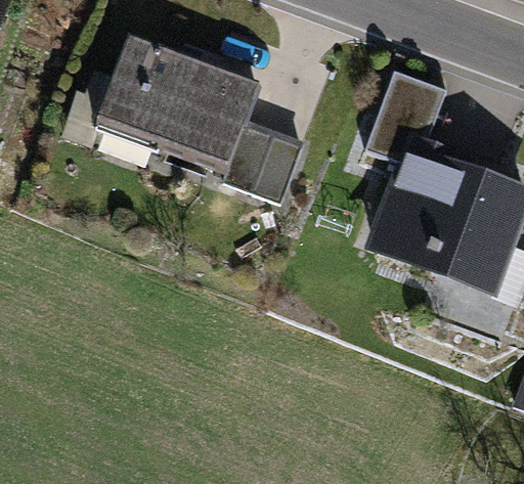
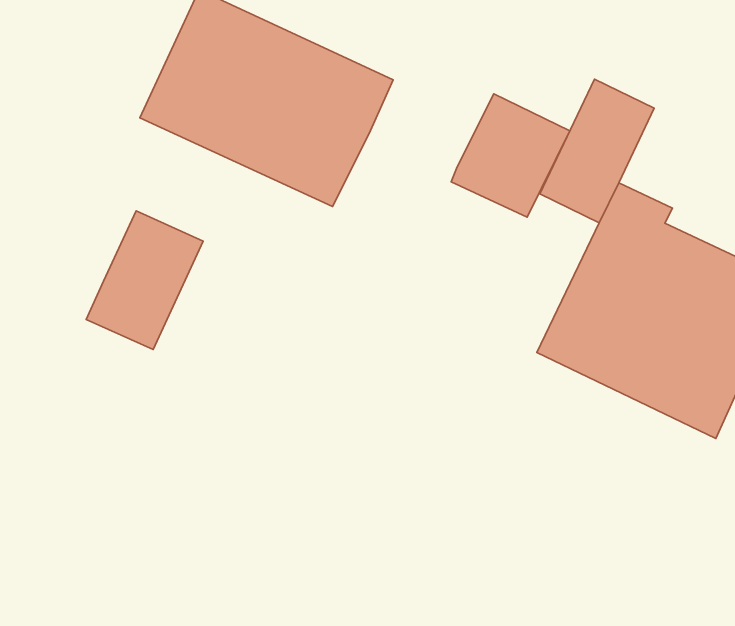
building: [228,121,303,200] -> [451,94,570,217]
building: none -> [86,211,203,350]

